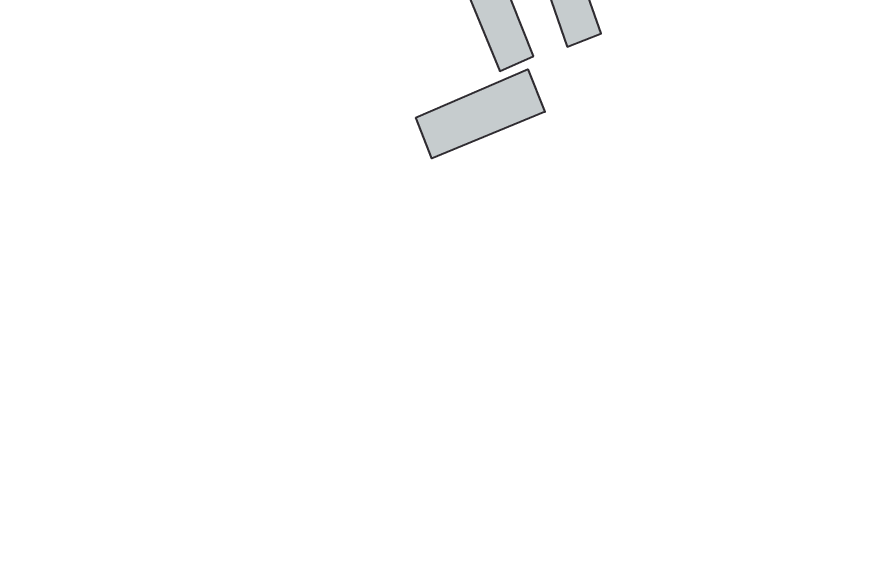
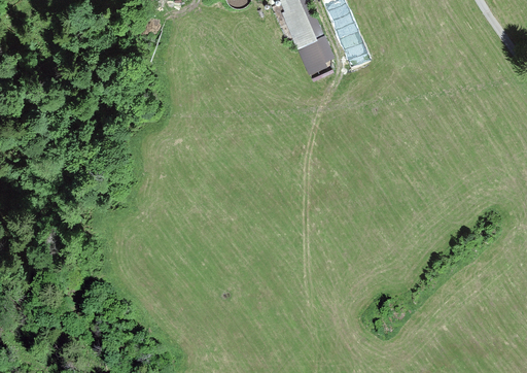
building: [416,69,545,158] -> none

